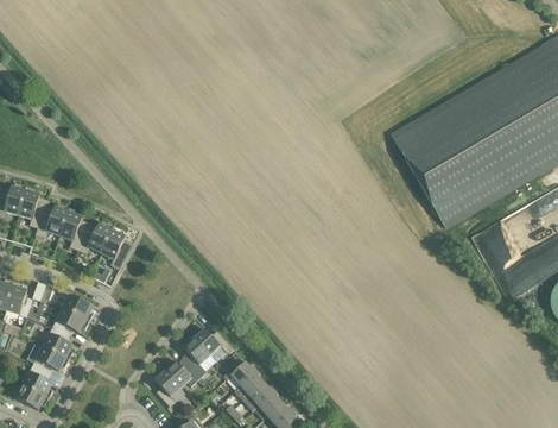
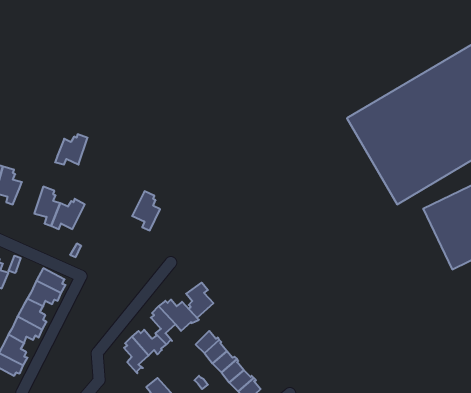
building: [34,204,69,237] -> [55,134,88,165]
building: [100,227,129,269] -> [132,191,160,230]
building: none -> [186,283,213,318]

